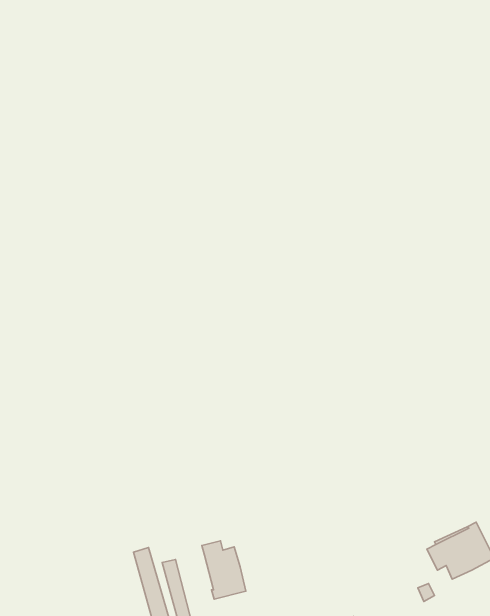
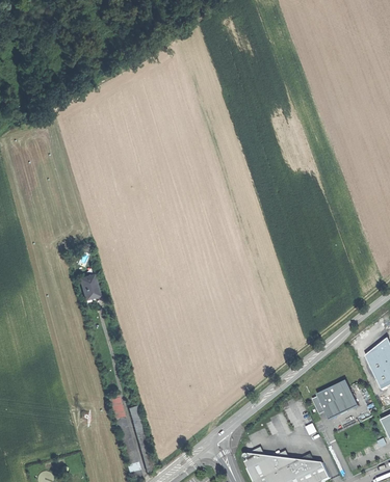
building: none -> [77,273,99,300]
building: [202,541,246,599] -> none

